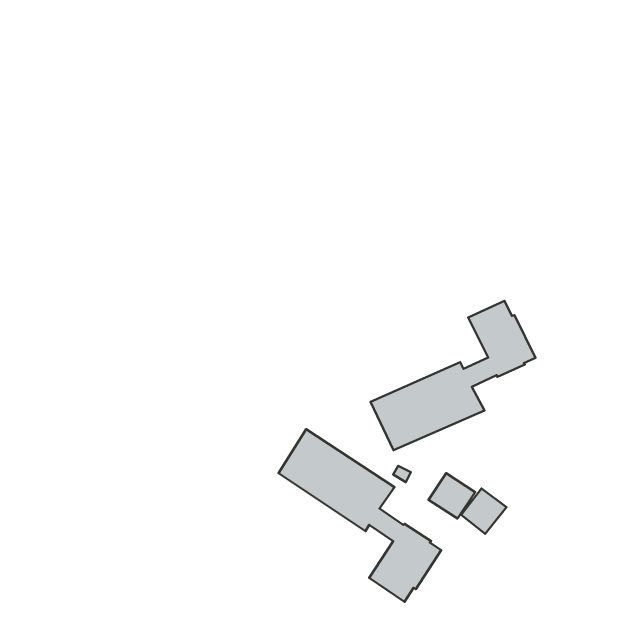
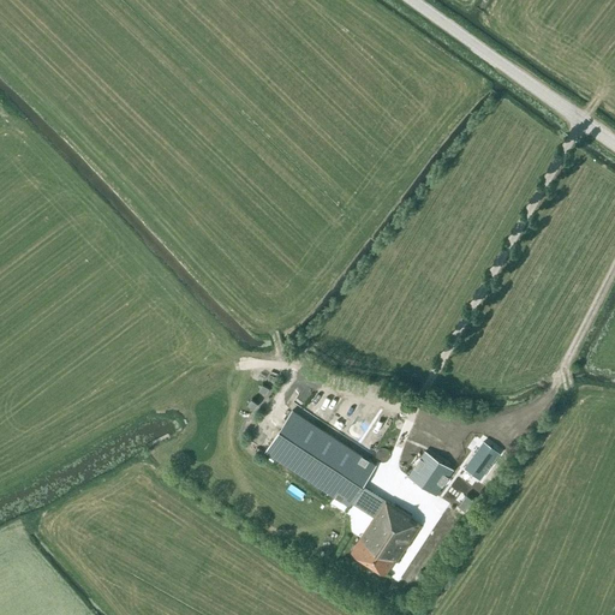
building: [371,301,536,450] -> none
building: none -> [465,442,498,478]

